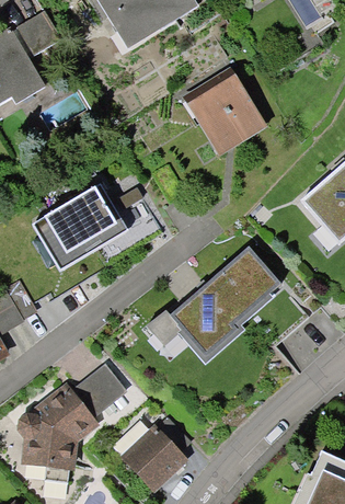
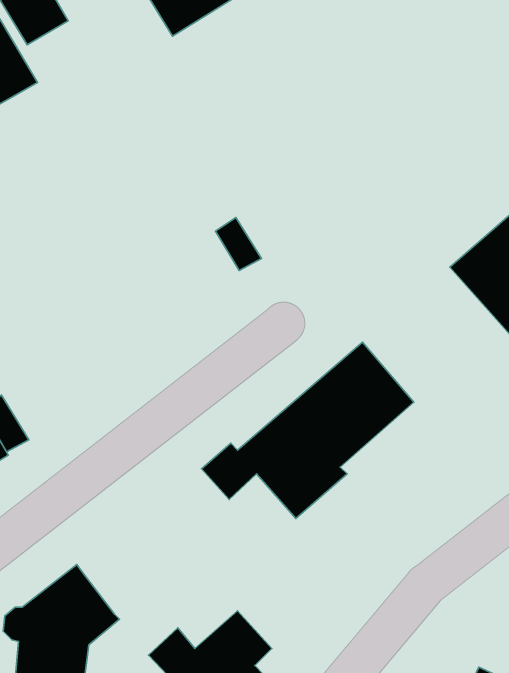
building: [179,71,263,156] -> none
building: [42,185,153,263] -> none
building: [68,366,125,421] -> none

